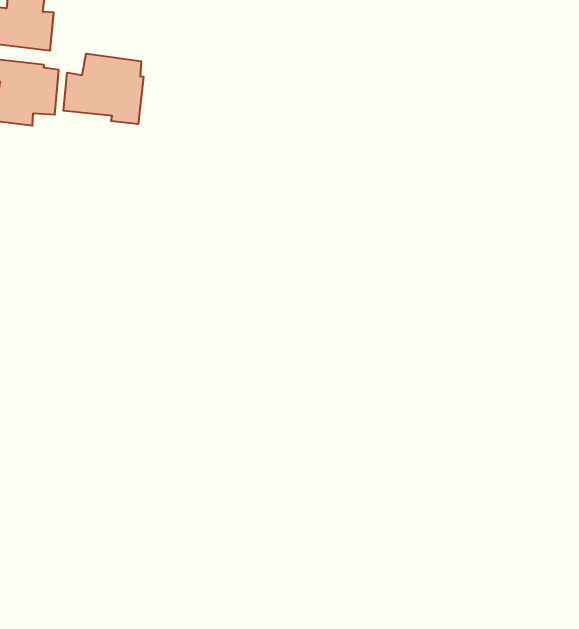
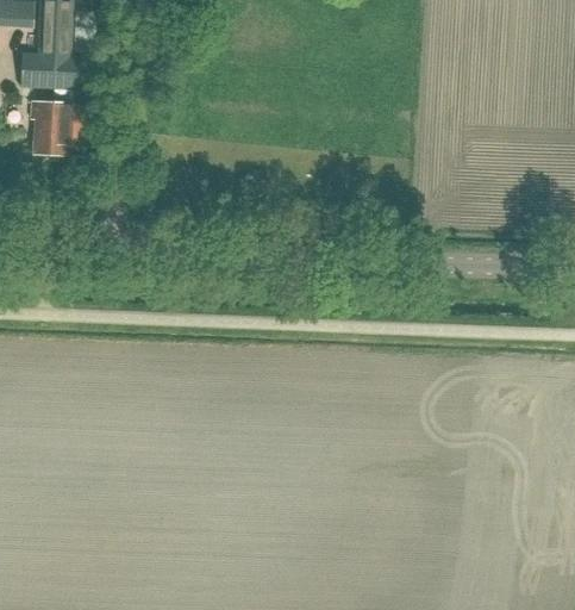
building: [63,54,143,124] -> none

